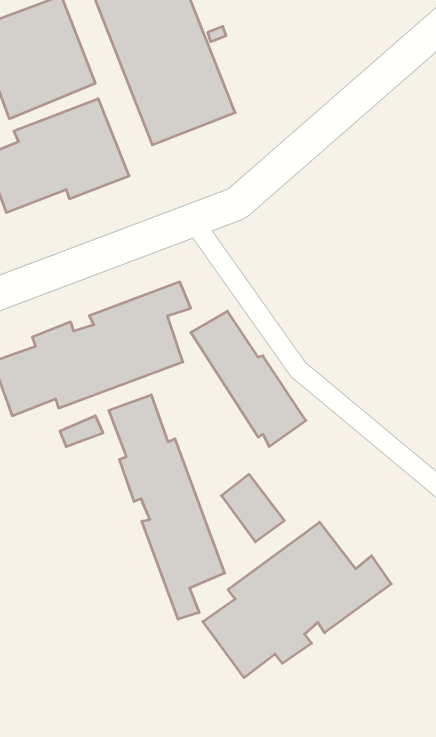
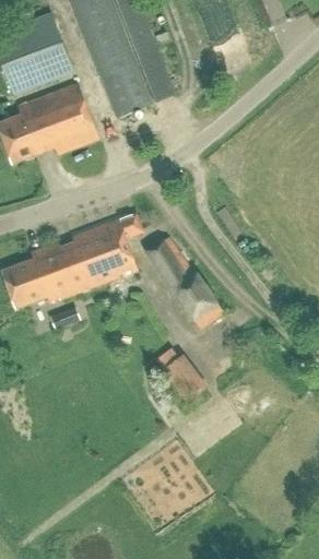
building: [109,395,225,619] -> none
building: [203,522,391,678] -> none

